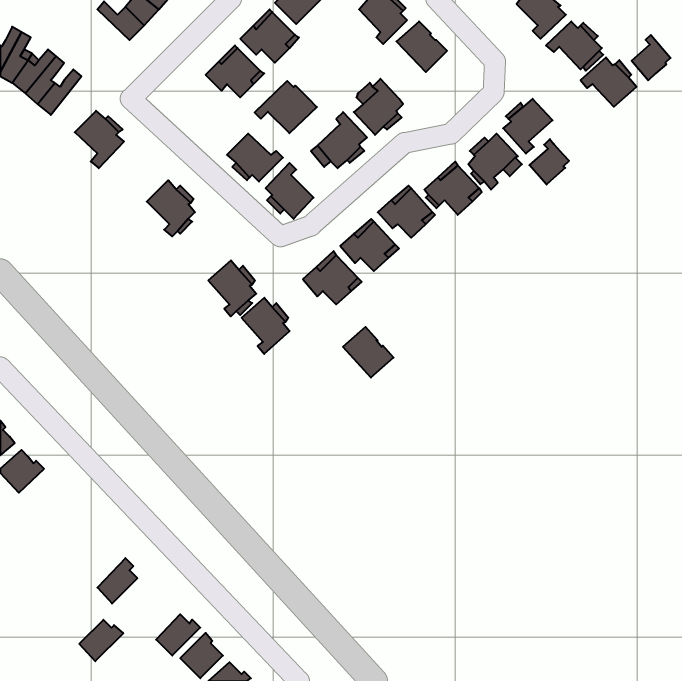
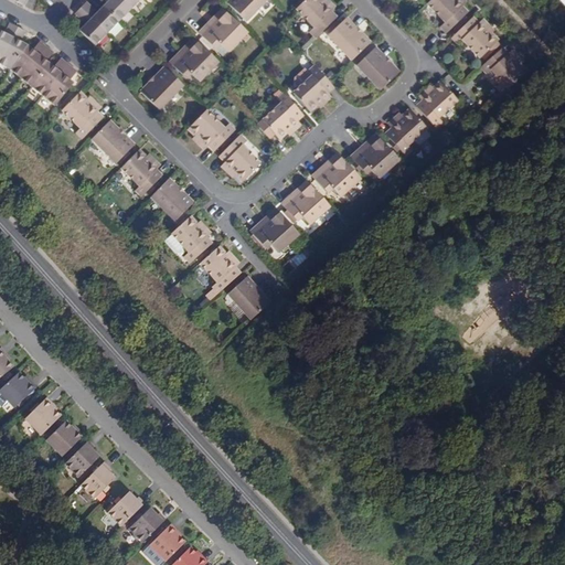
building: none -> [75,8,107,45]
building: [632,35,671,80] -> none
building: none -> [355,47,398,89]
building: none -> [42,63,77,105]
building: [255,81,317,133] -> none
building: none -> [141,67,183,109]
building: [529,139,569,185] -> none
building: none -> [92,120,134,162]
building: none -> [151,178,193,220]
building: [343,327,394,378] -> [227,277,269,319]
building: none -> [24,397,61,435]
building: none -> [46,420,82,456]
building: none -> [65,440,98,476]
building: [79,620,123,661] -> [108,492,145,526]

